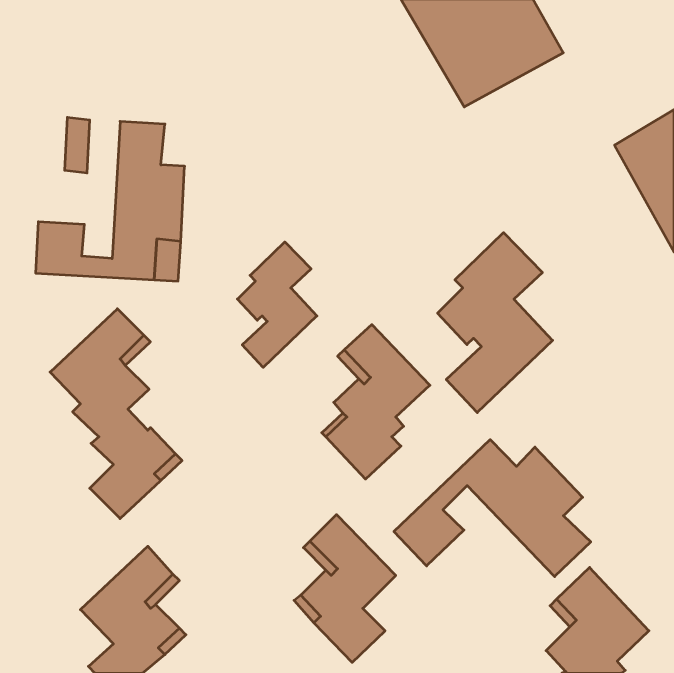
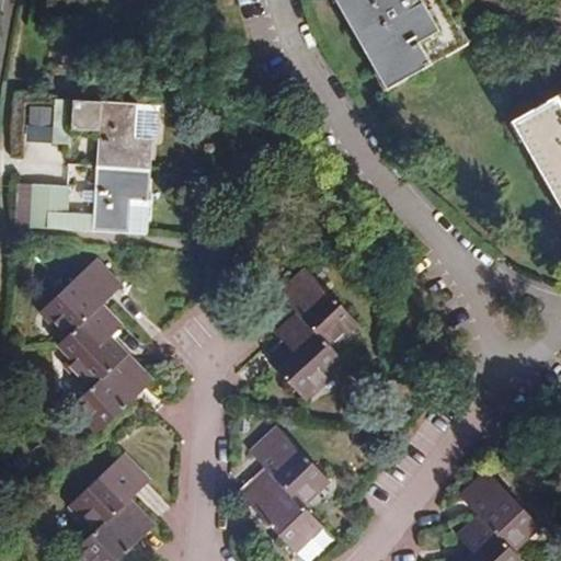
building: [438,233,553,413] -> none
building: [237,242,317,367] -> none
building: [394,440,591,577] -> none

